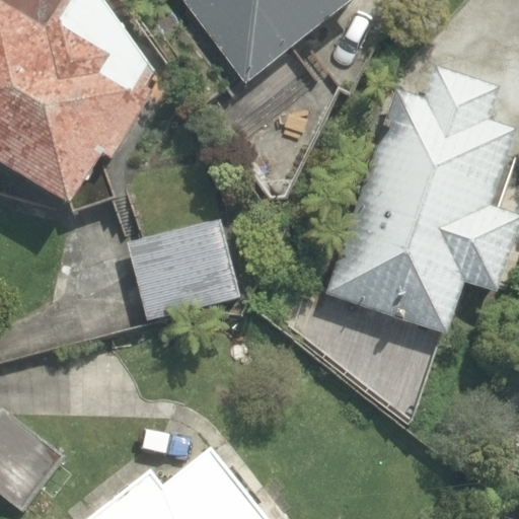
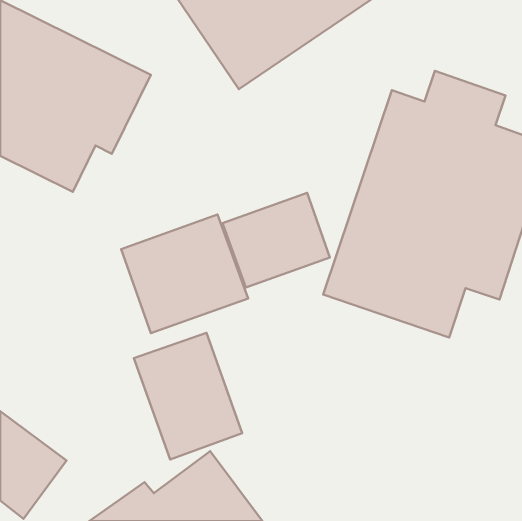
building: none -> [223,193,330,287]
building: none -> [134,333,242,459]

